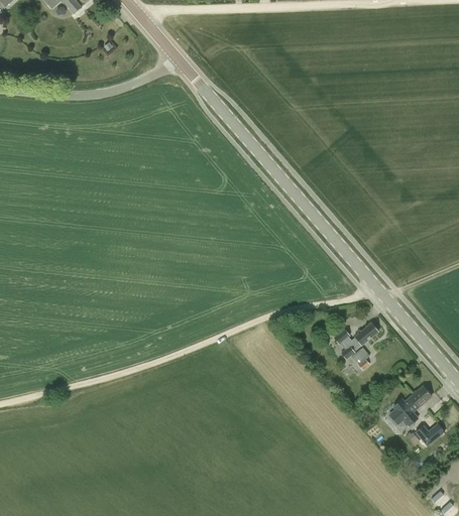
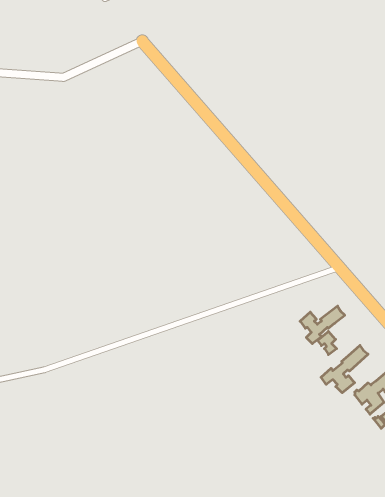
building: none -> [321,345,368,393]

